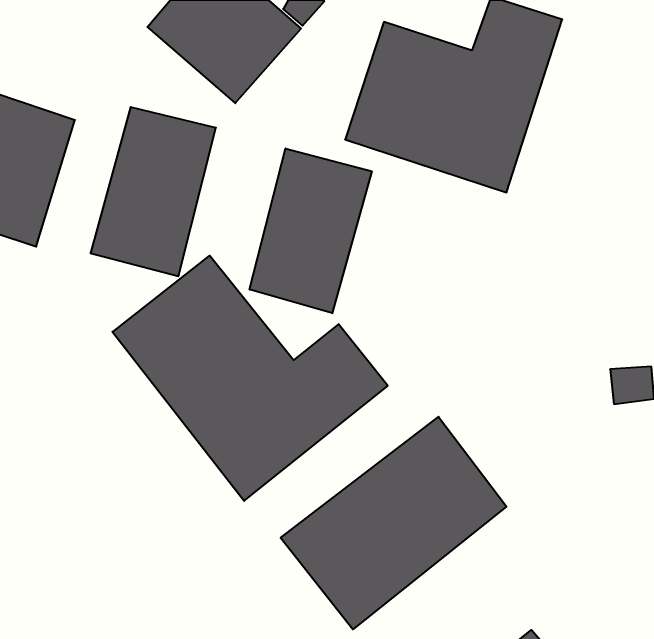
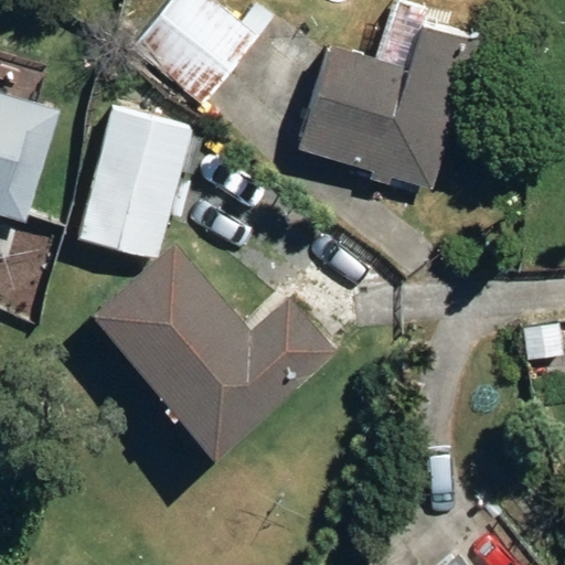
building: [250,148,372,313] -> none
building: [281,417,506,629] -> none

